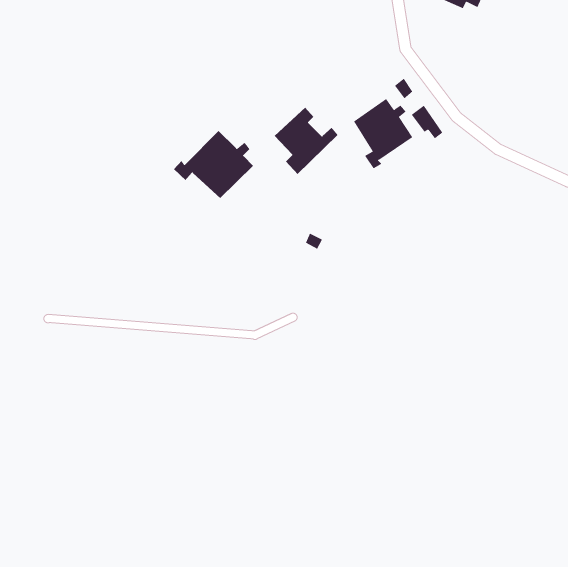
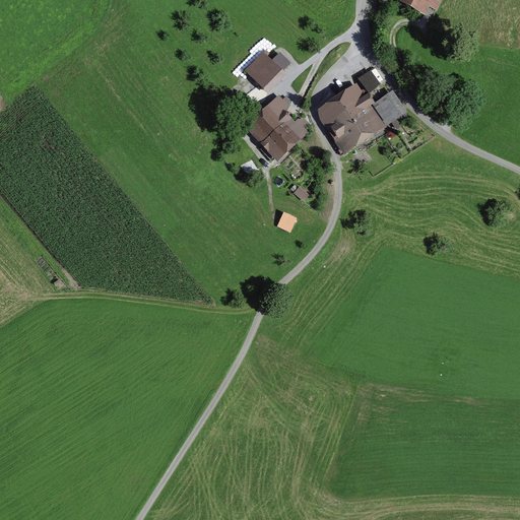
building: none -> [246,53,281,87]
building: [173,130,254,199] -> none

